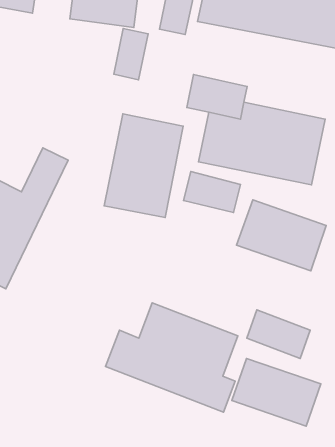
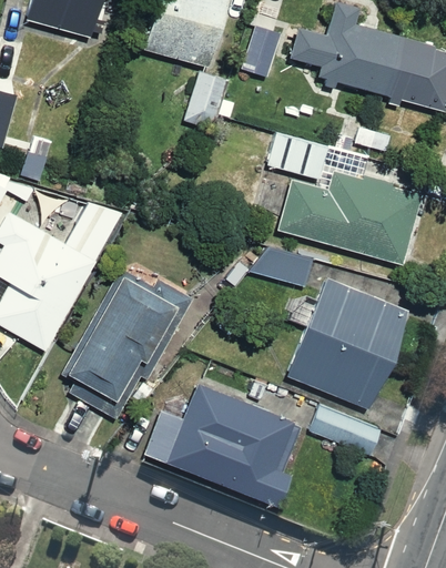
building: [104,114,183,217] -> none
building: none -> [58,261,191,409]
building: [232,358,321,426] -> [285,326,388,409]

